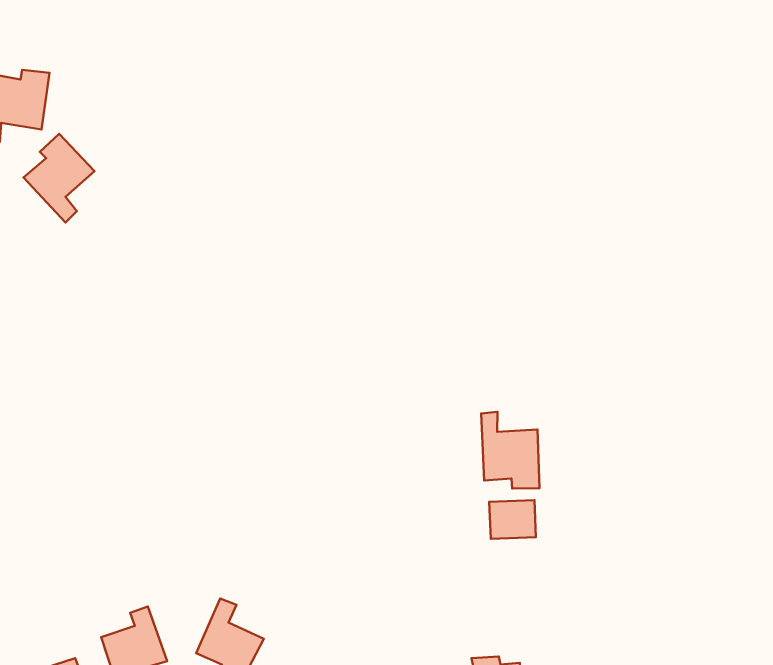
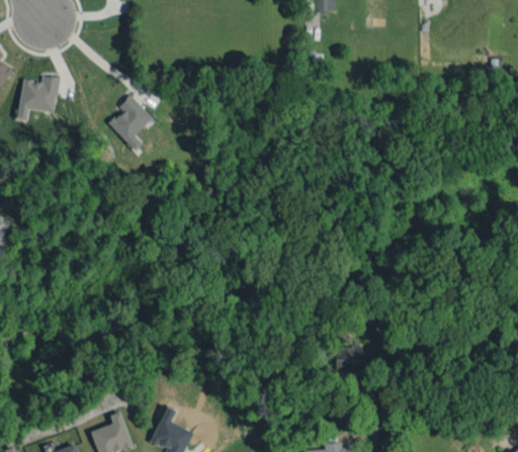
building: [24,134,94,223] -> [108,96,153,152]
building: [481,412,540,489] -> none

